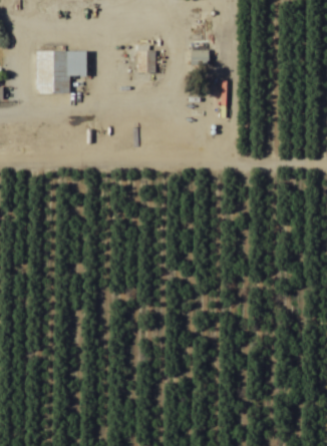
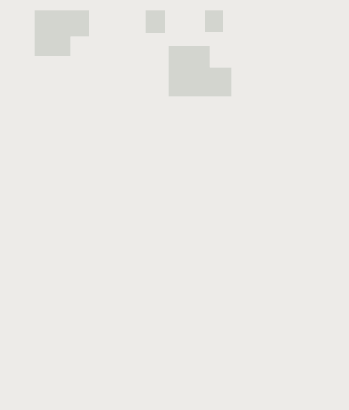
building: none -> [168,45,232,97]

